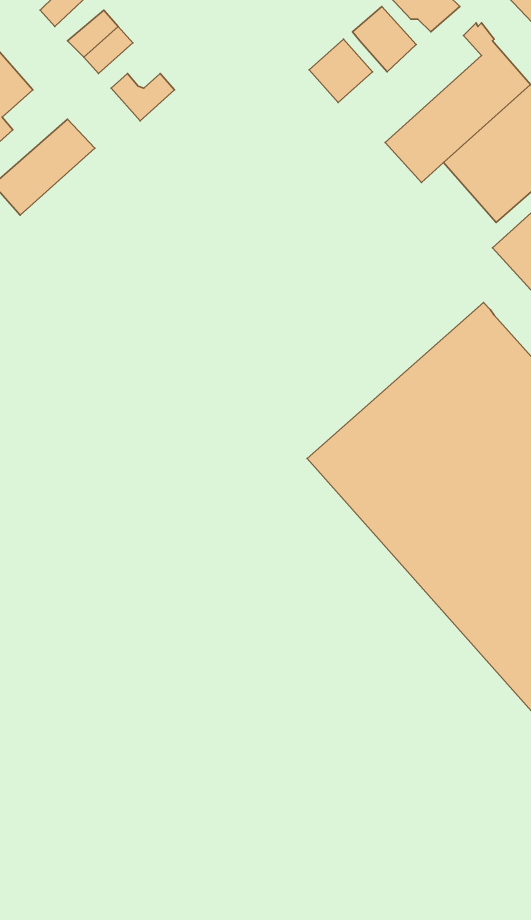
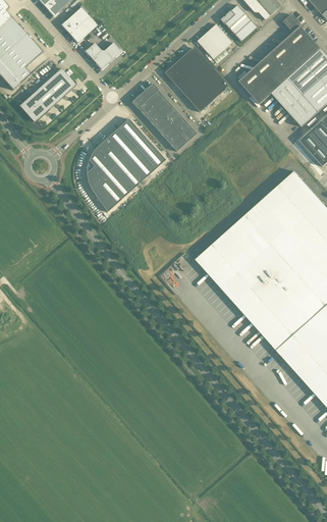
building: none -> [163,50,226,111]
building: none -> [130,83,196,150]
building: none -> [86,117,164,211]

